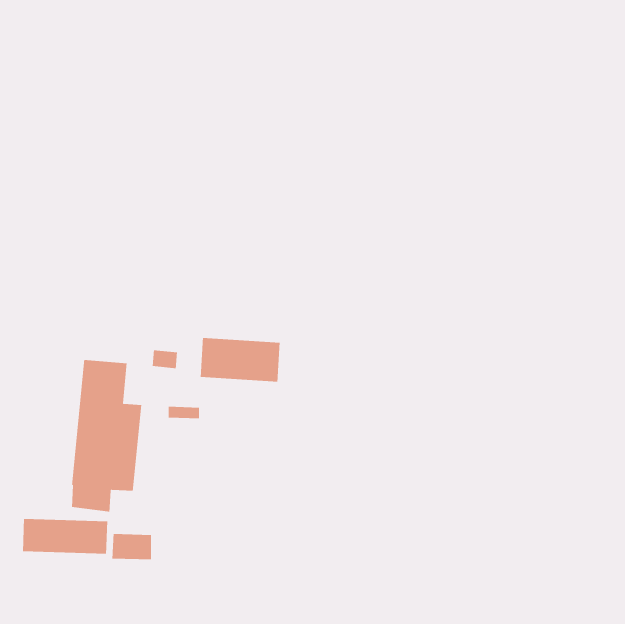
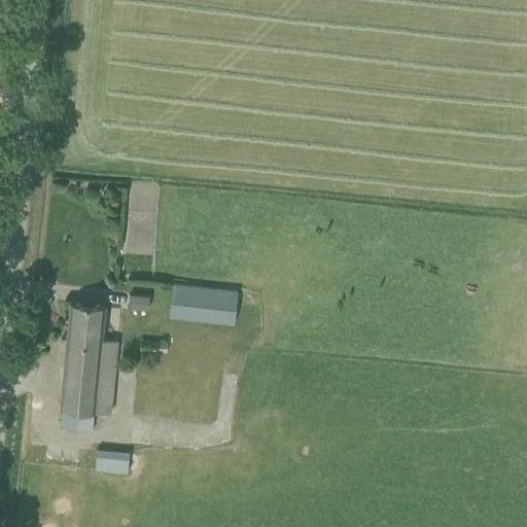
building: [22,518,108,554] -> none

